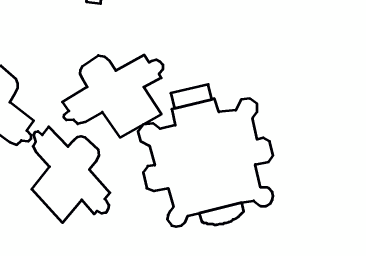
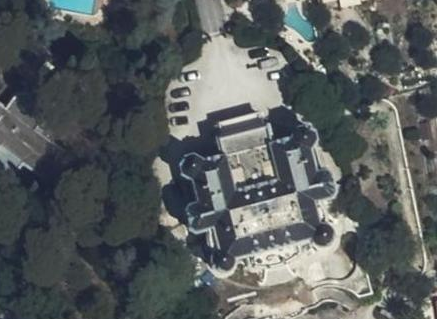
building: [62,55,163,137] -> none
building: [32,127,110,223] -> none

